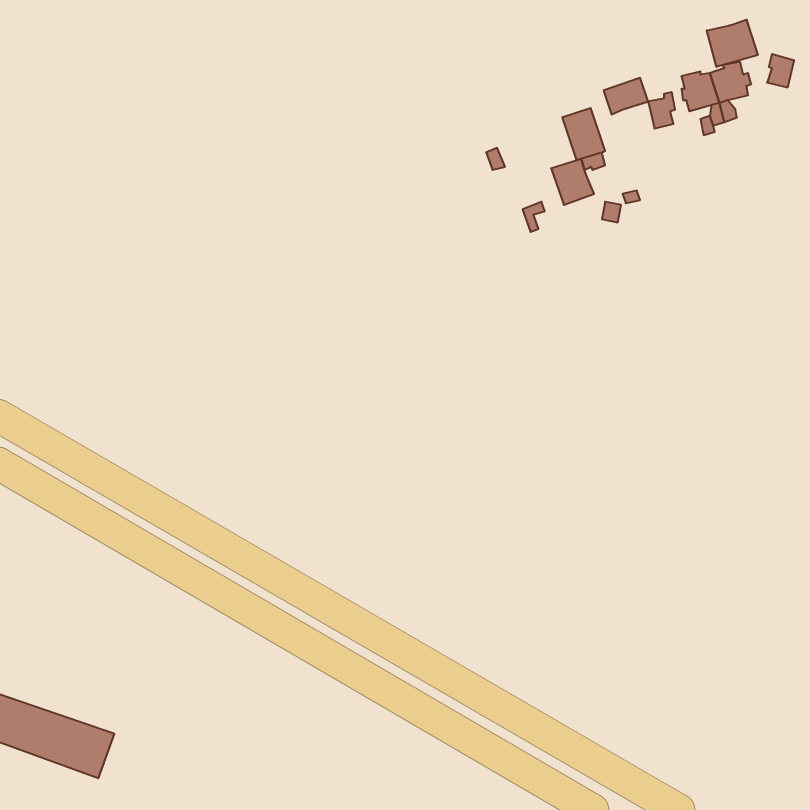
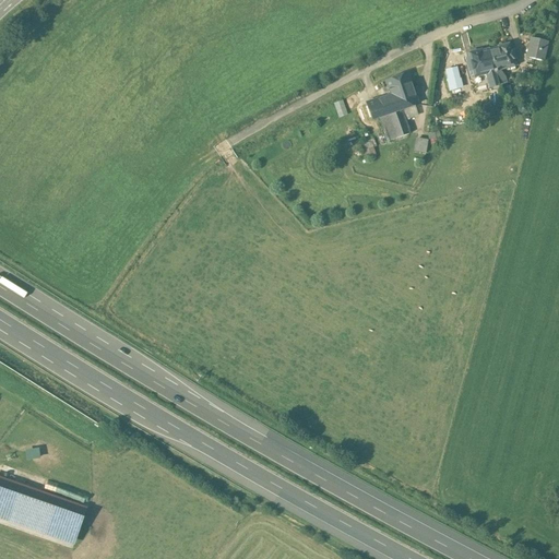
building: [707,20,758,67] -> none
building: [604,78,648,114] -> [366,94,396,119]

